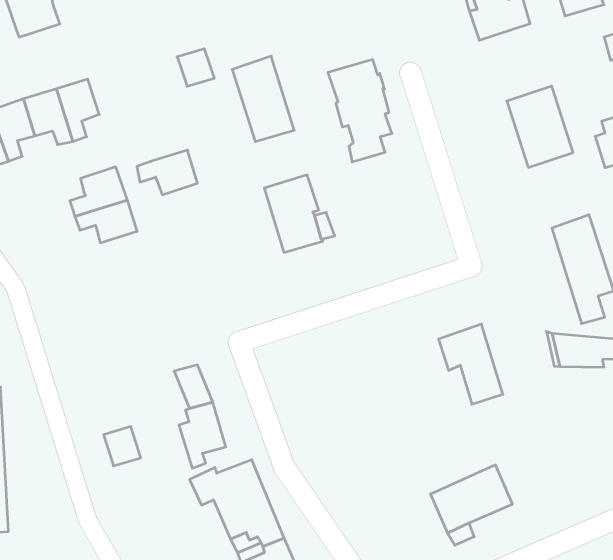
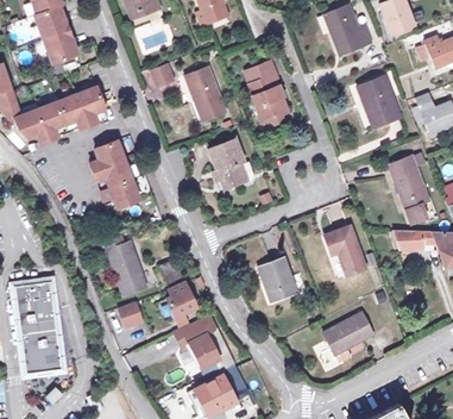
building: [137,150,197,195] -> [102,180,140,208]
building: none -> [103,234,146,294]
building: none -> [259,257,296,301]

